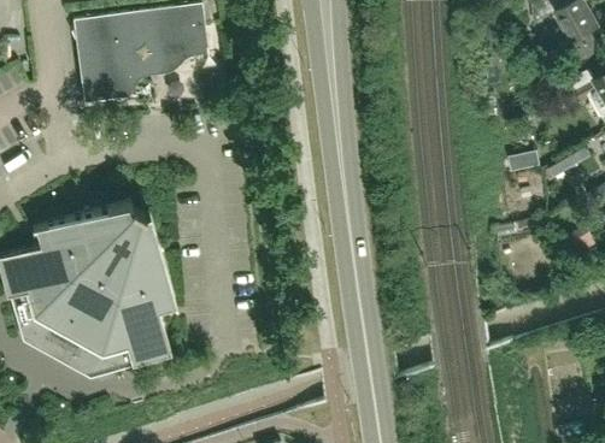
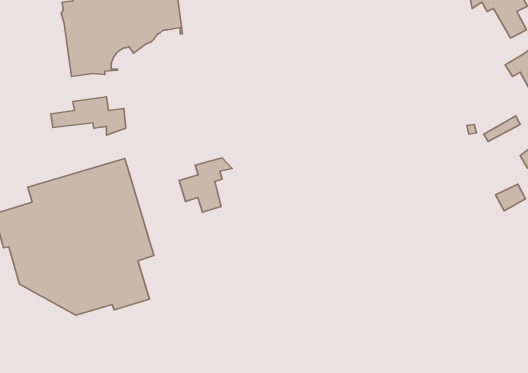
building: none -> [51,97,126,135]
building: none -> [179,158,232,212]

